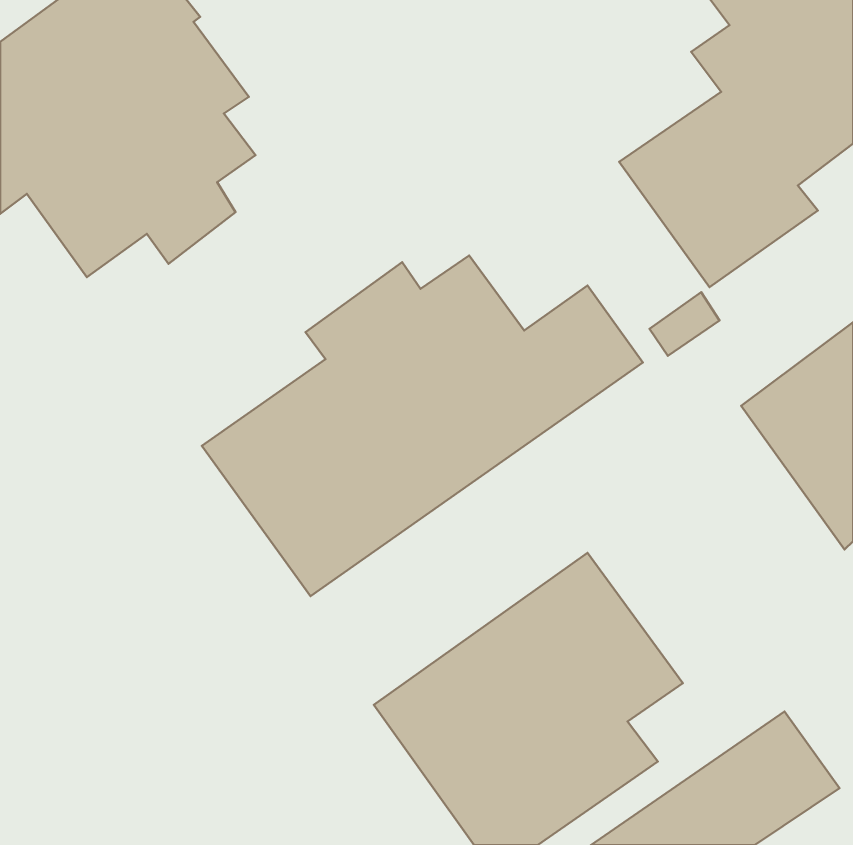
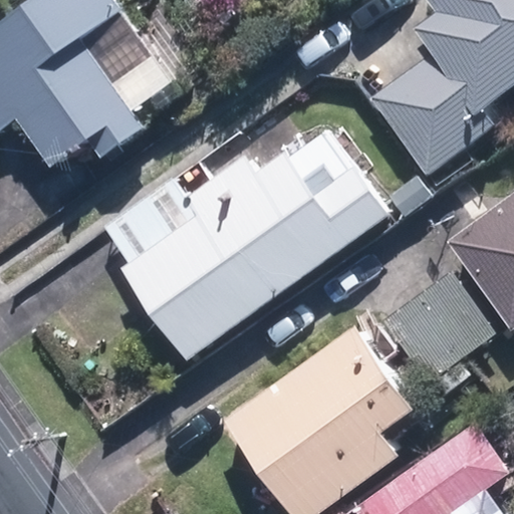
building: none -> [382,271,492,386]

